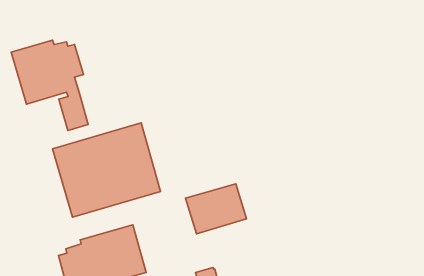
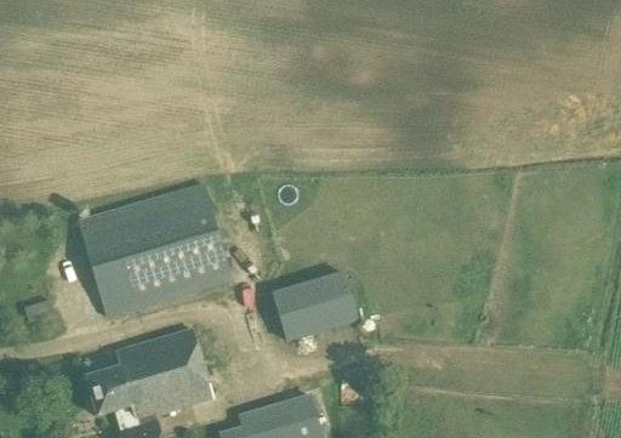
building: [11,40,88,130] -> none

